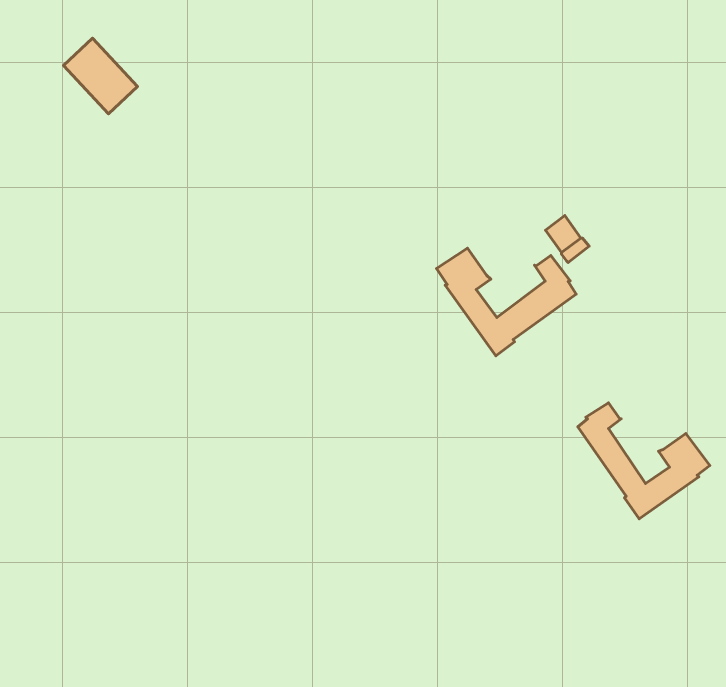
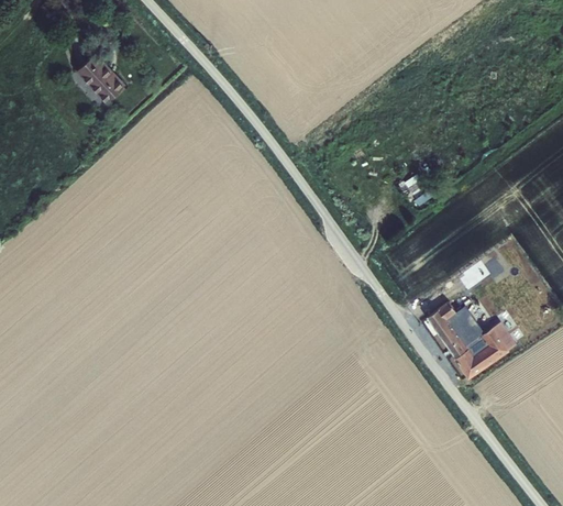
building: [437,248,576,356] -> none
building: none -> [445,305,487,355]

